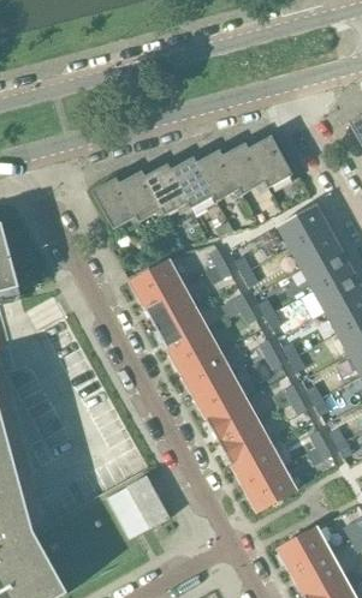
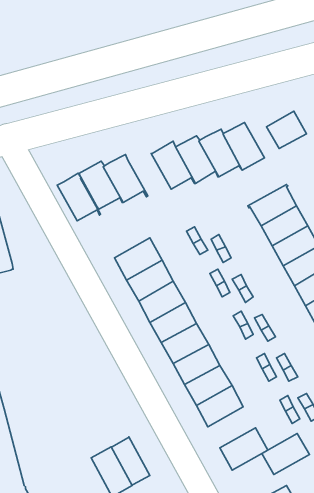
building: none -> [266,111,306,149]
building: [144,162,191,214] -> [57,173,101,221]
building: [231,442,283,486] -> [262,433,310,475]

